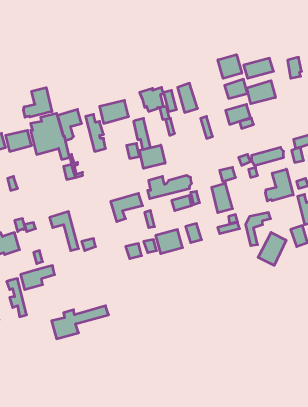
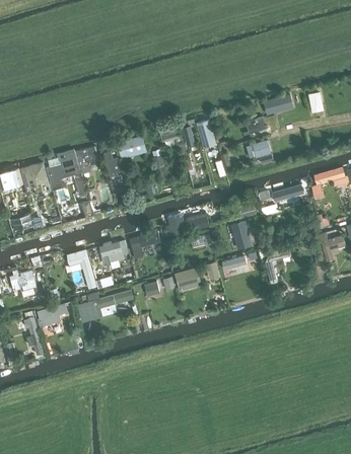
building: [218,55,242,78] -> none
building: [247,81,275,104] -> none
building: [24,88,52,117] -> none
building: [139,145,165,168] -> none
building: [266,169,293,201] -> none
building: none -> [98,239,128,261]
building: [258,232,286,265] -> none
building: [52,306,109,339] -> [75,289,133,322]

